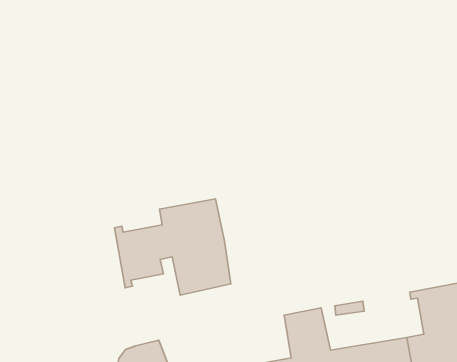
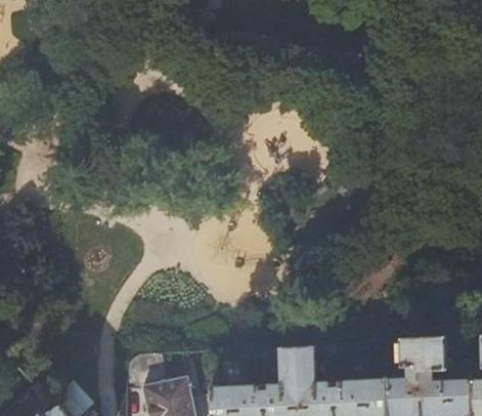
building: [115,199,231,295] -> none

